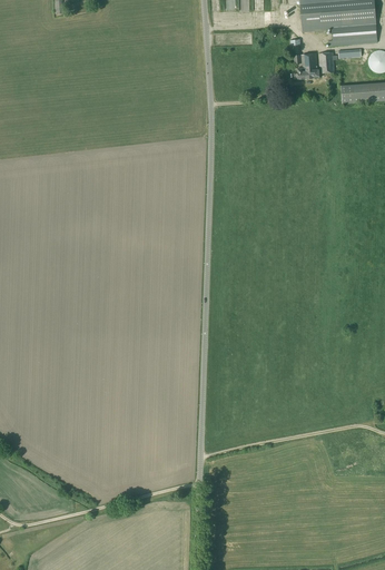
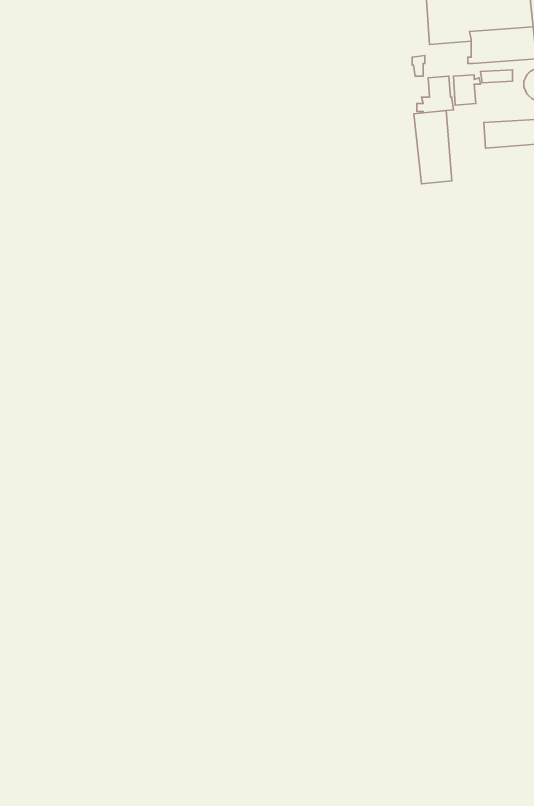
building: none -> [414,111,452,184]

